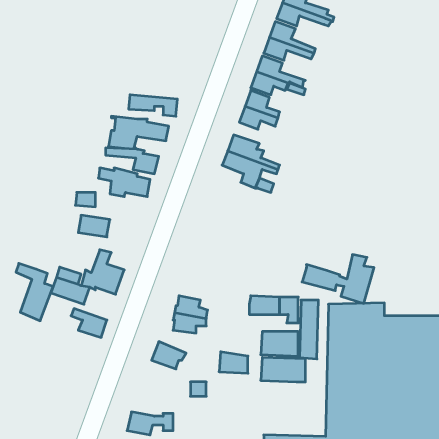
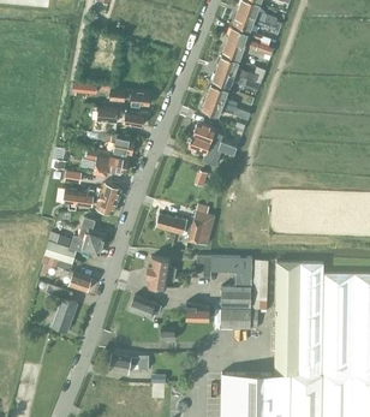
building: none -> [91,183,120,213]
building: [302,255,374,303] -> [155,204,215,245]
building: [16,263,53,321] -> [47,284,78,332]

